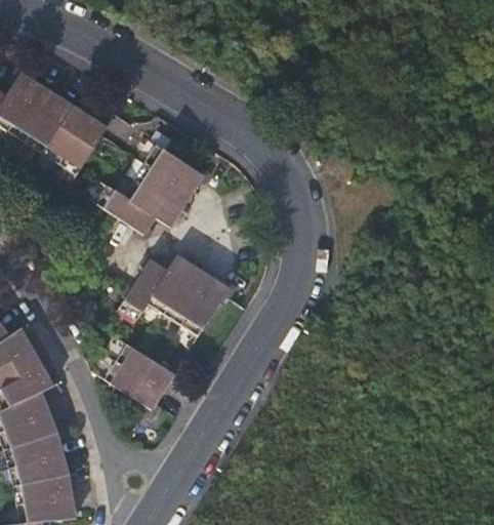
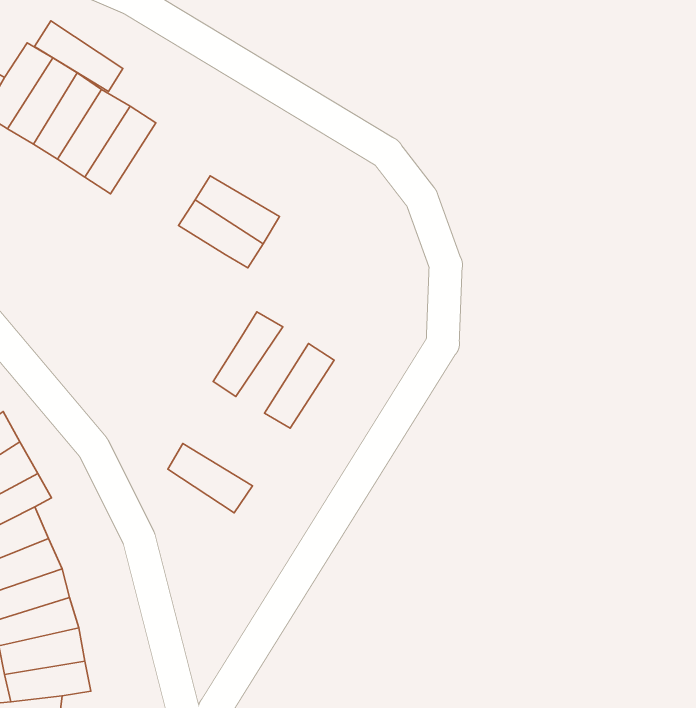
building: none -> [34,21,123,92]
building: [151,144,209,189] -> none
building: [102,185,161,232] -> none
building: [125,258,172,316] -> none
building: [168,264,217,322] -> none
building: [111,360,167,406] -> none

